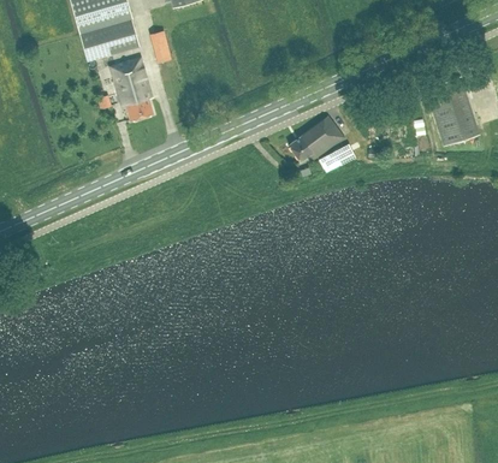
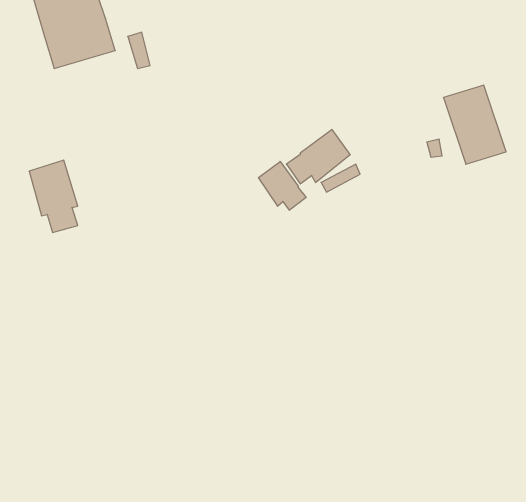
building: [111,58,153,120] -> [29,160,78,232]
building: none -> [258,161,306,210]

